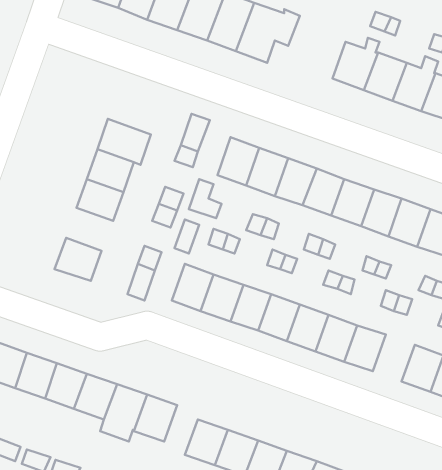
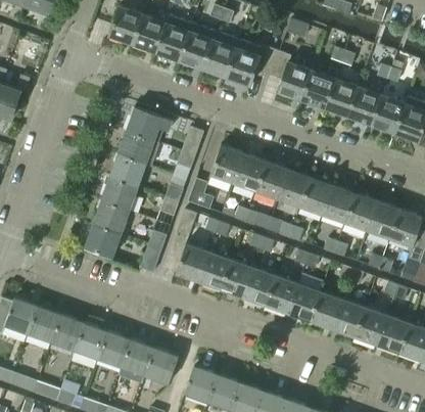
building: none -> [271,51,314,99]
building: none -> [125,107,172,143]
building: none -> [92,200,129,234]
building: none -> [332,300,365,336]

